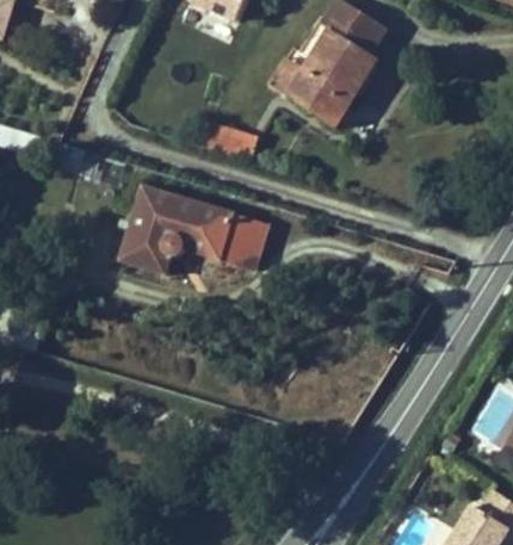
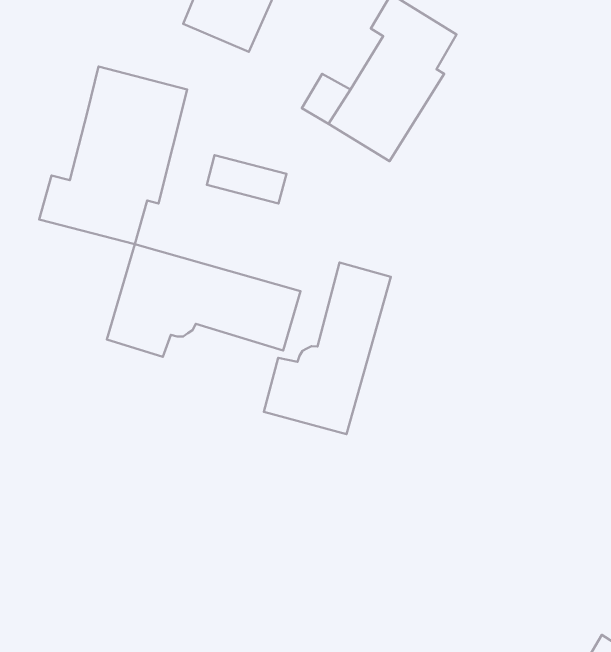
building: none -> [39,66,187,244]
building: none -> [264,263,391,434]

